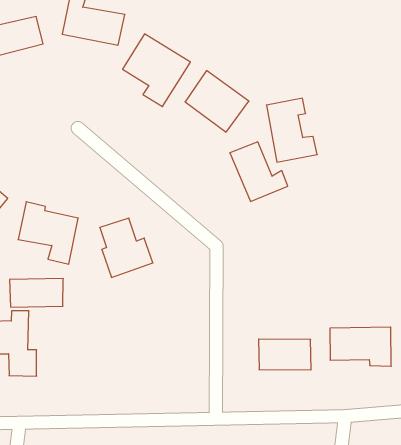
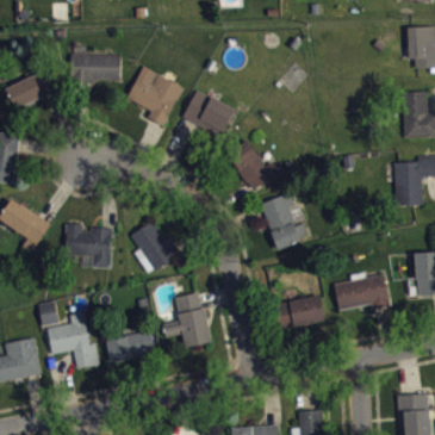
building: [266,98,317,162] -> [260,193,309,249]
building: [10,279,63,307] -> [105,331,153,362]
building: none -> [163,292,210,347]

